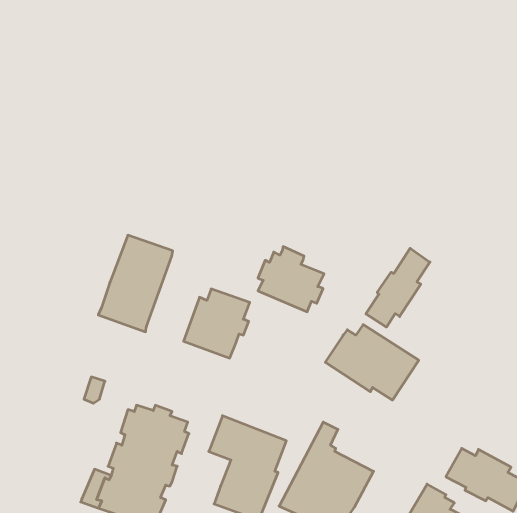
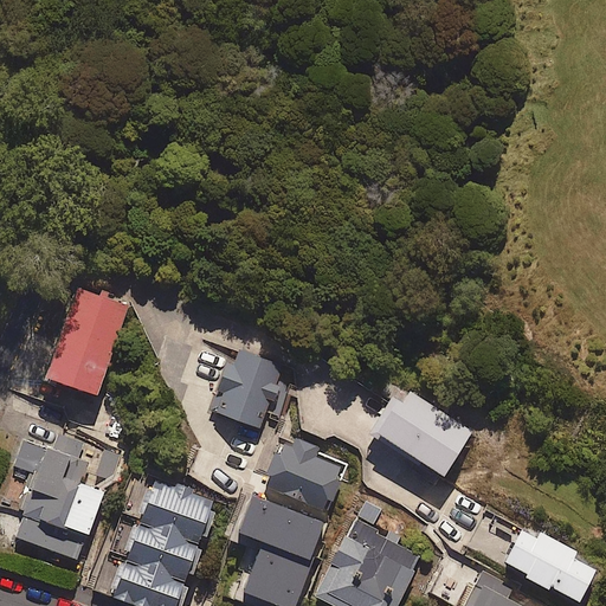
building: [98,235,173,332] -> [45,288,129,397]
building: [258,247,324,312] -> [266,437,341,510]
building: [366,248,430,327] -> none
building: none -> [13,434,103,562]

